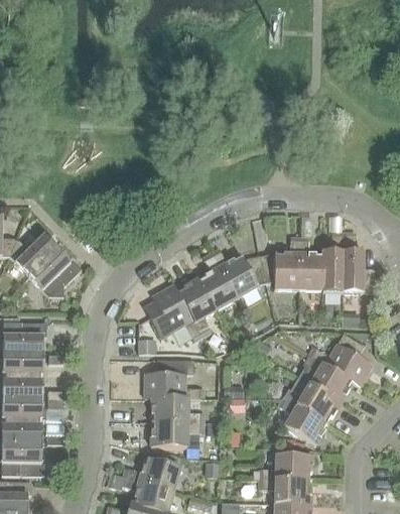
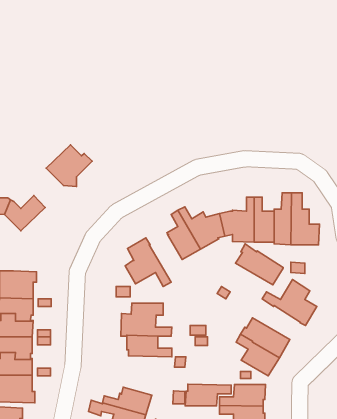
building: [28,250,82,298] -> [46,145,92,186]
building: [177,279,216,337] -> none
building: [297,356,353,403] -> [236,244,283,285]
building: [150,422,204,447] -> [185,384,231,406]

